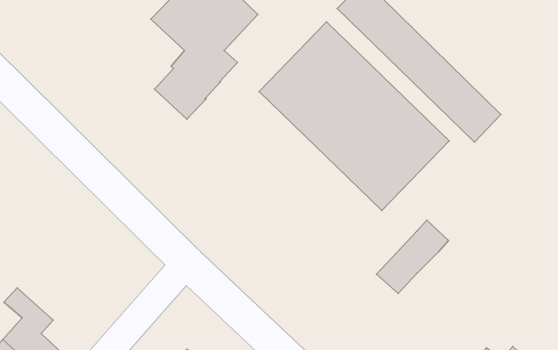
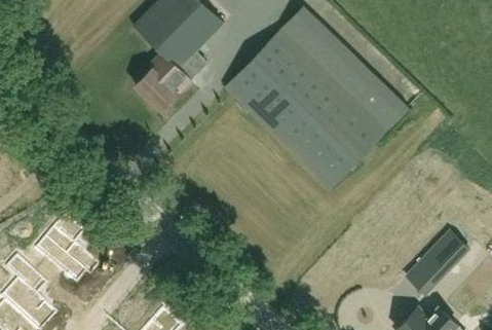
building: [376,220,449,294] -> [406,230,467,293]
building: none -> [42,214,99,283]

